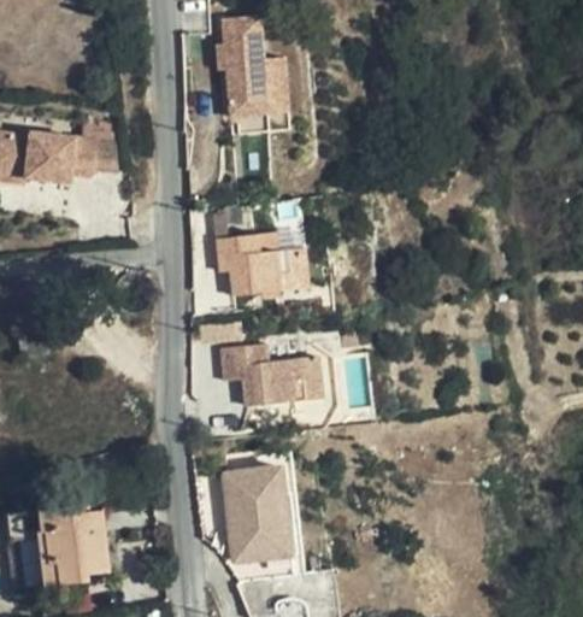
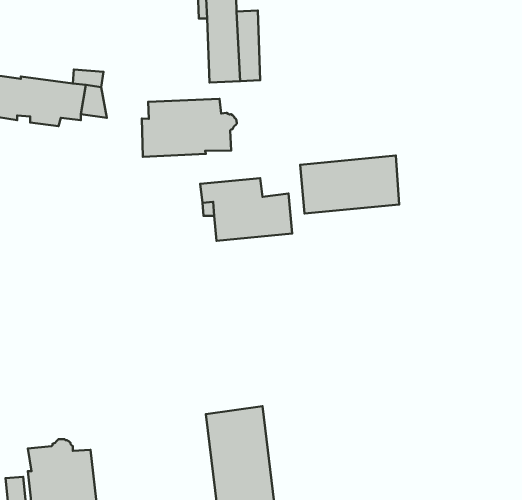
building: none -> [142,99,237,157]
building: none -> [300,156,399,213]
building: [224,342,324,405] -> none

